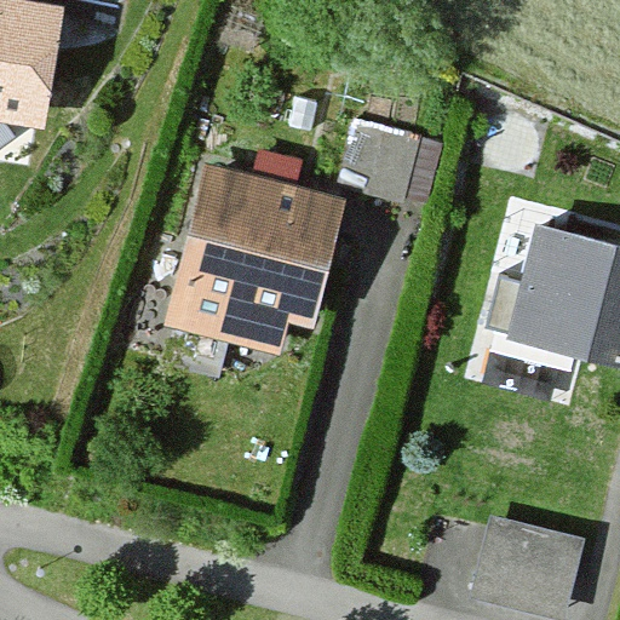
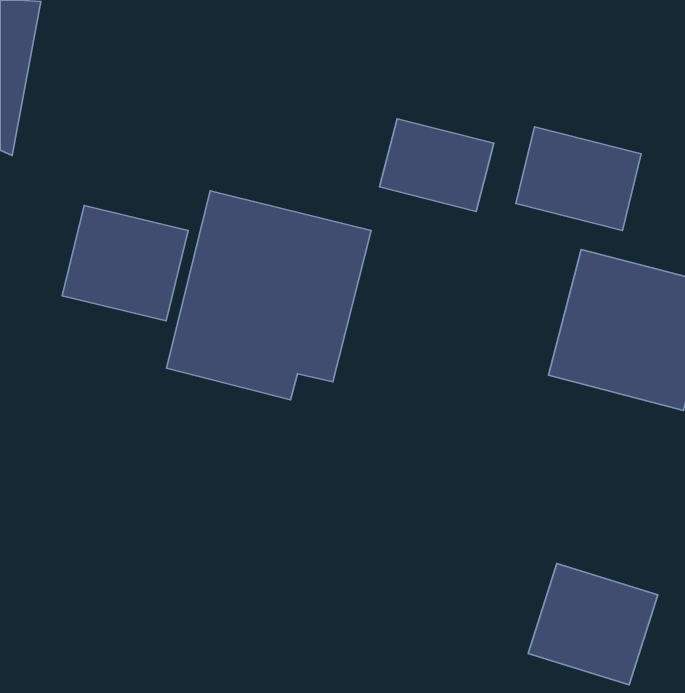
building: none -> [516,127,641,231]
building: none -> [62,205,188,321]

